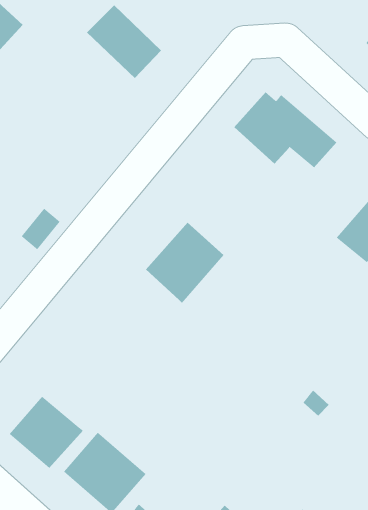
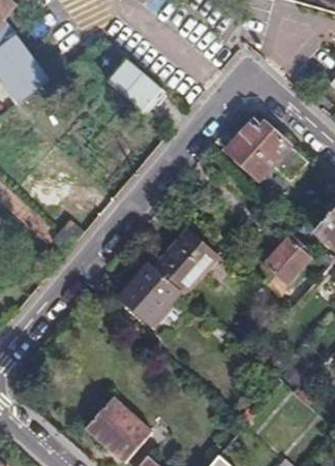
building: none -> [252,237,309,296]
building: none -> [121,265,180,325]
building: [9,396,84,469] -> none

